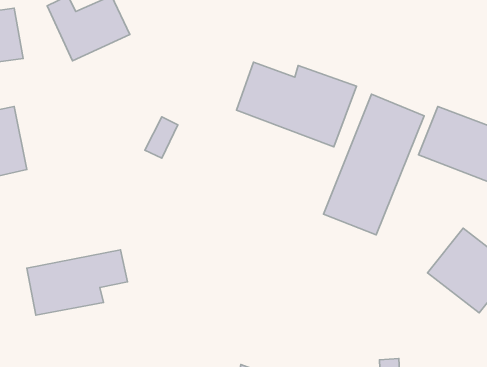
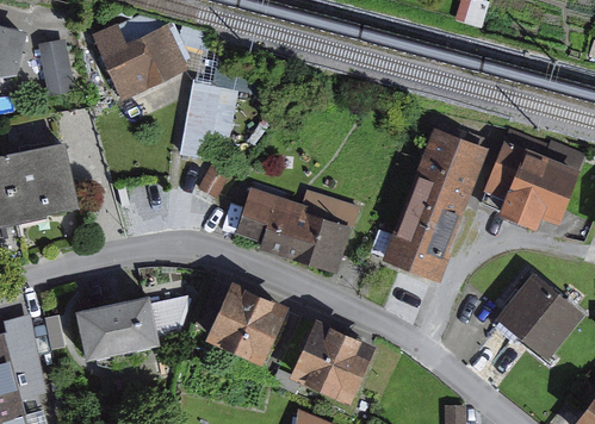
building: none -> [181,80,219,157]
building: [236,62,357,147] -> [233,182,358,270]
building: none -> [202,281,284,366]
building: none -> [291,318,378,401]

